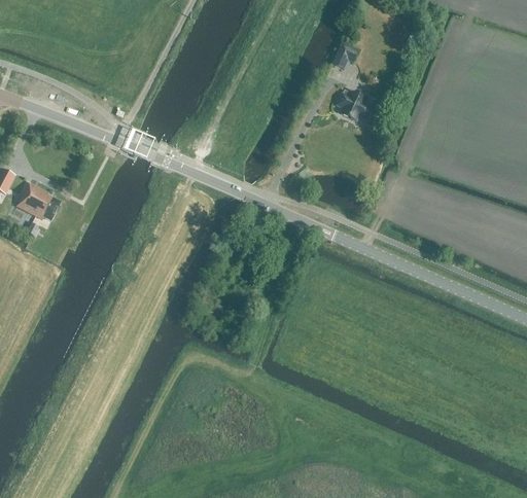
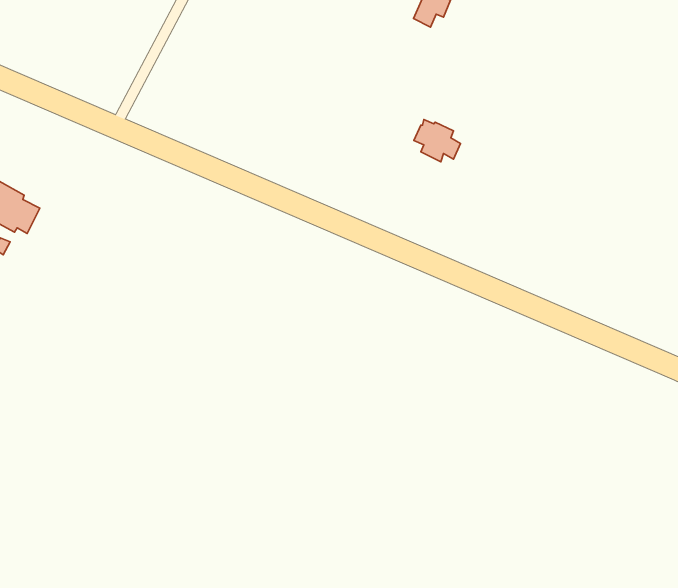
building: [336,90,370,120] -> [414,119,461,162]

